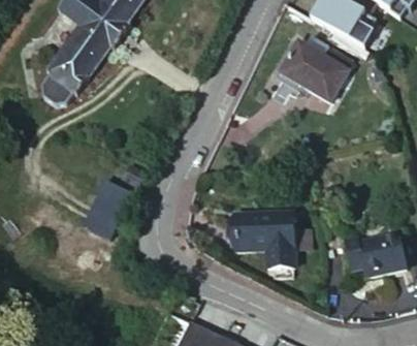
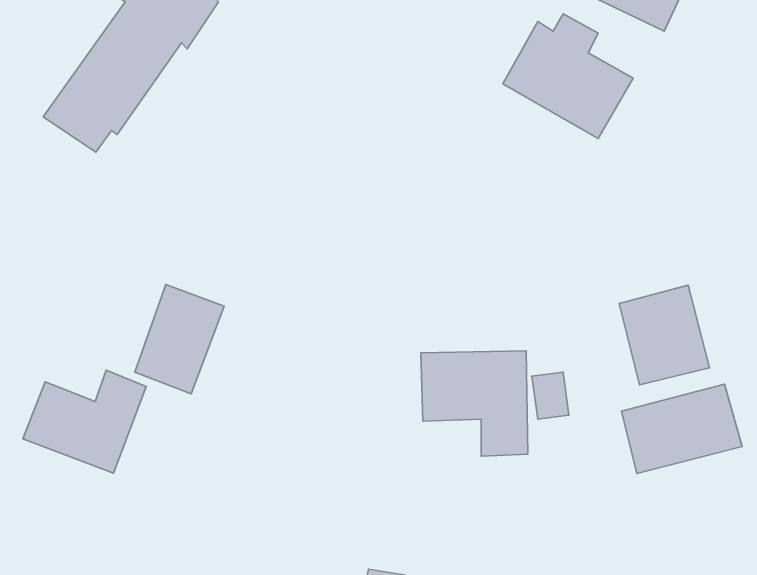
building: none -> [619,285,710,385]
building: none -> [23,370,146,473]

